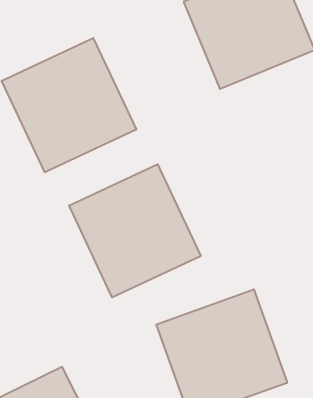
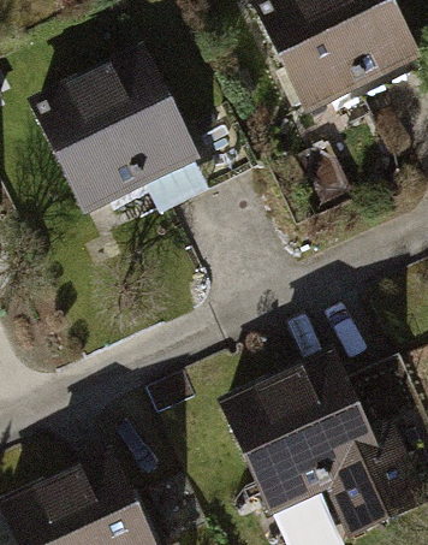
building: [69,164,201,297] -> none

